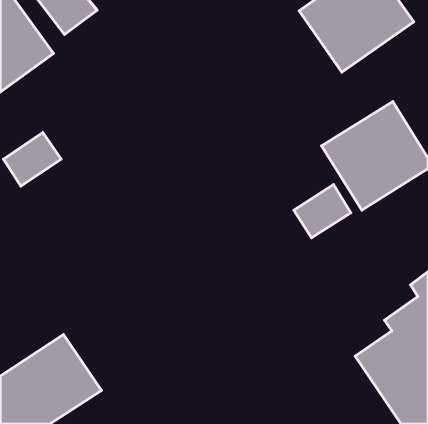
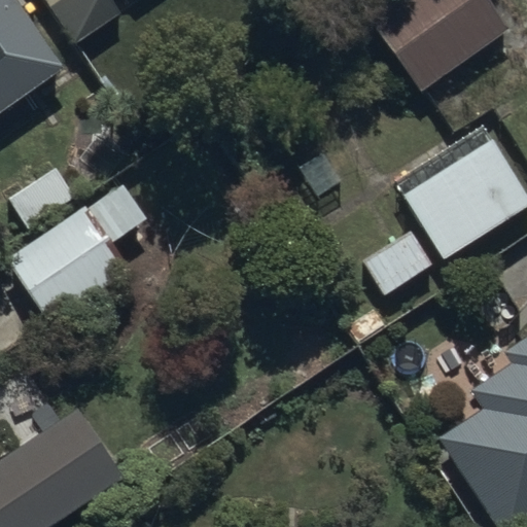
building: none -> [5,187,143,324]

